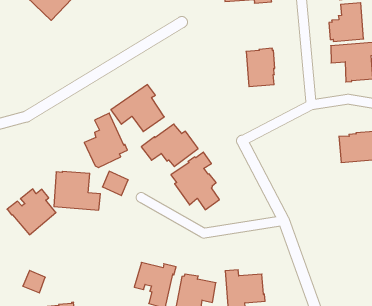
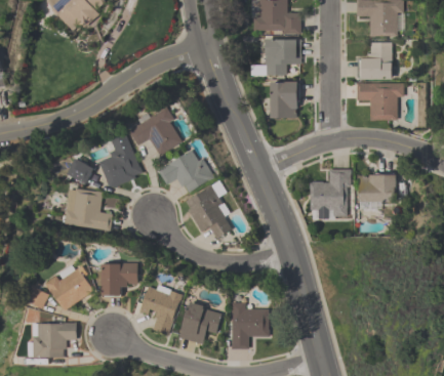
building: none -> [266,38,300,75]
building: none -> [309,169,351,216]
building: [102,171,128,196] -> [68,158,94,183]
building: [7,189,56,235] -> [44,264,93,310]
building: none -> [102,262,137,295]

